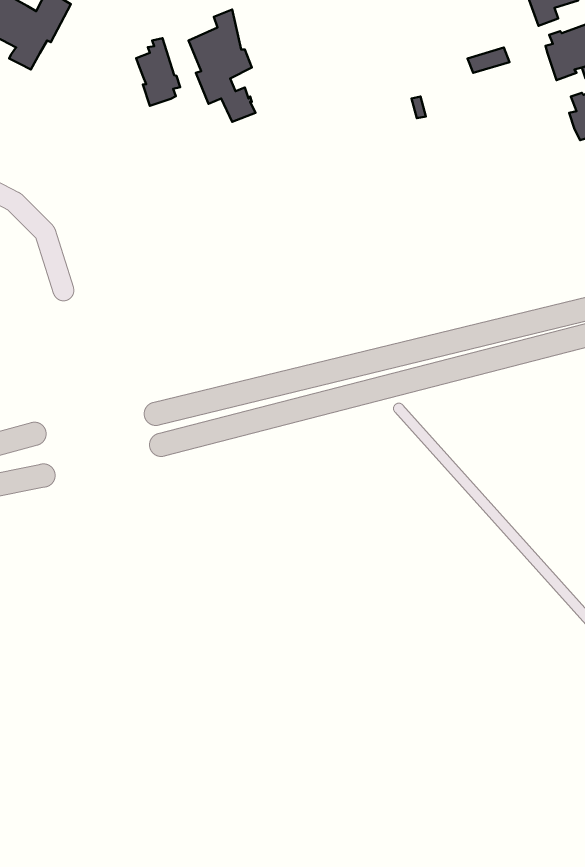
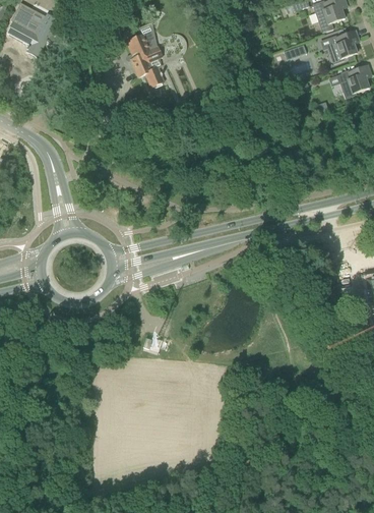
building: [136,38,180,106] -> none

